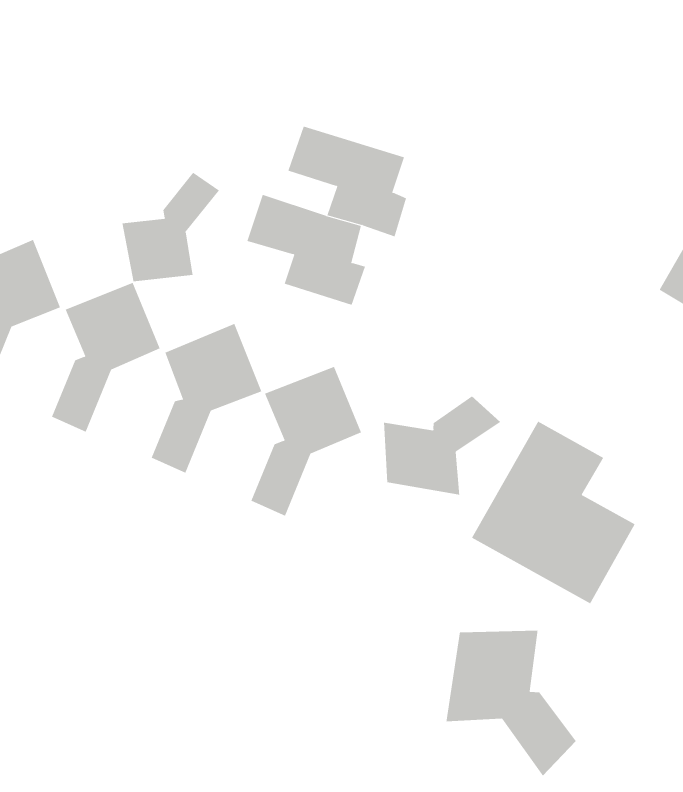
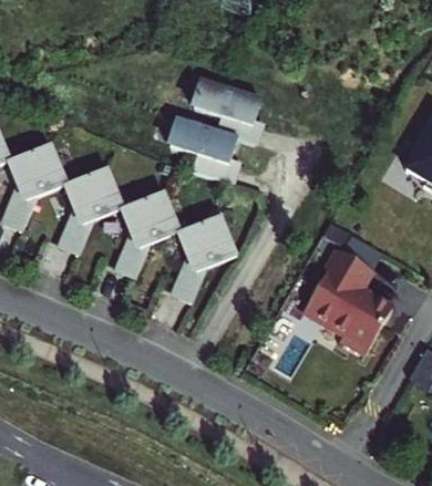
building: [122,172,220,282] -> none
building: [383,395,501,496] -> none
building: [446,630,576,776] -> none

